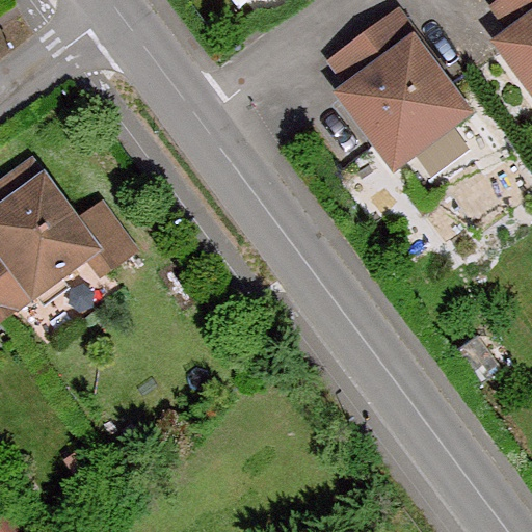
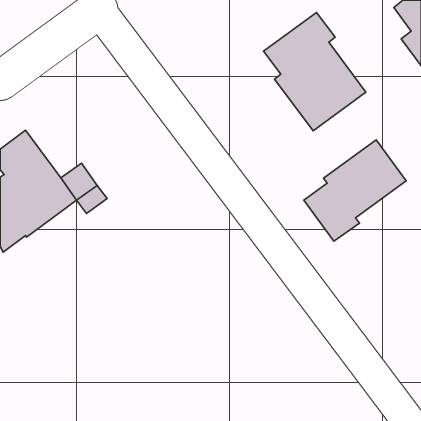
building: none -> [304,140,406,241]

